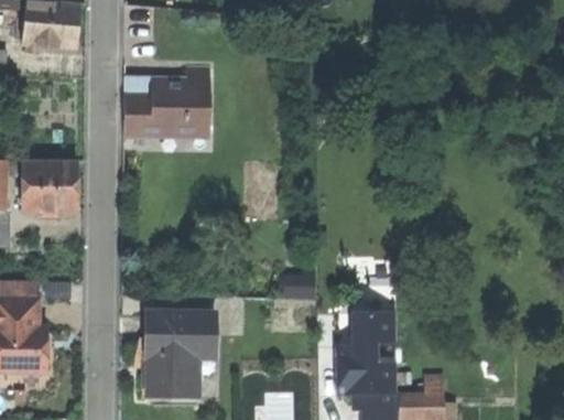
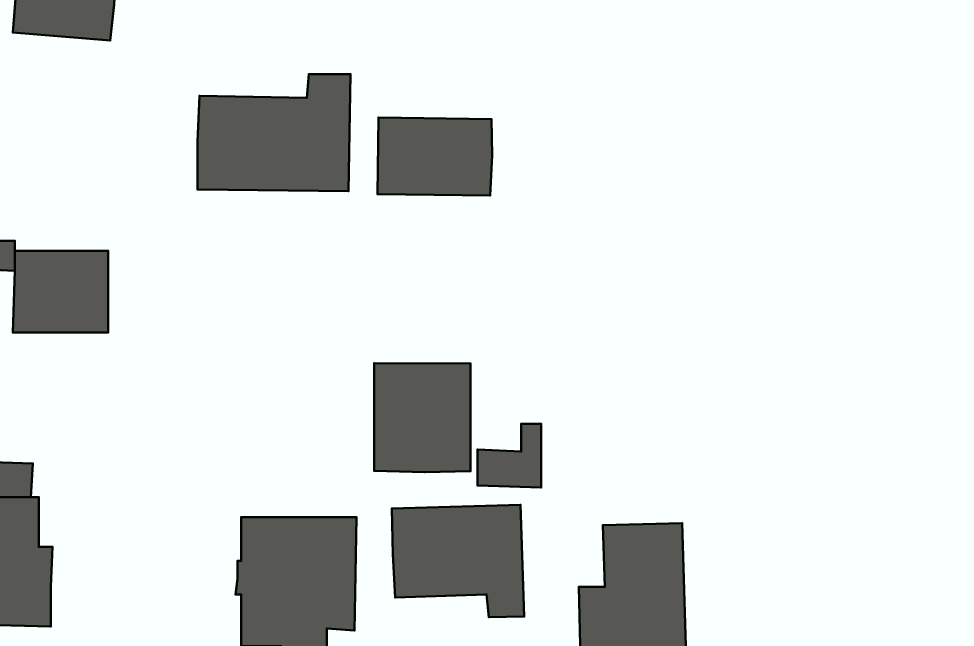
building: none -> [377,118,492,195]
building: none -> [374,363,470,472]
building: none -> [392,505,524,617]

